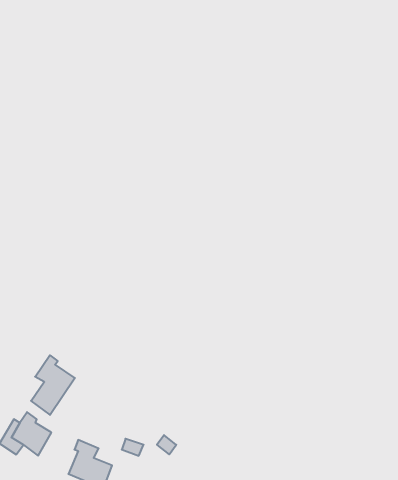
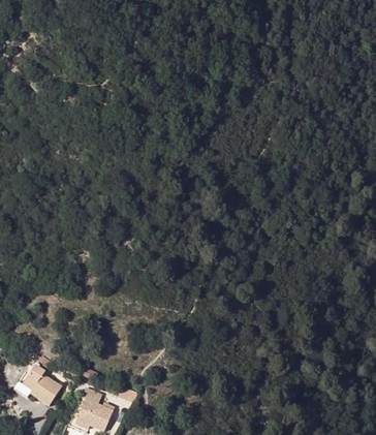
building: [31,355,75,415] -> none

